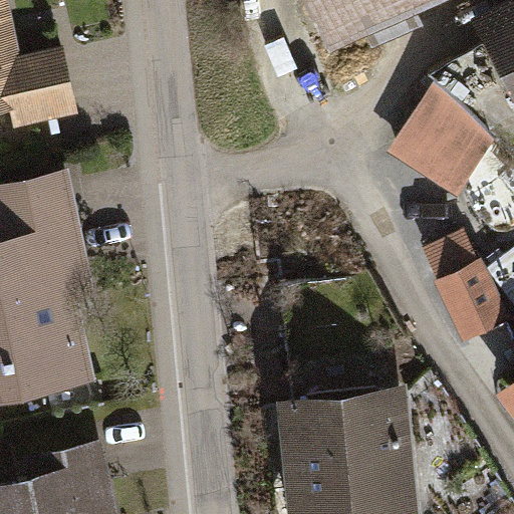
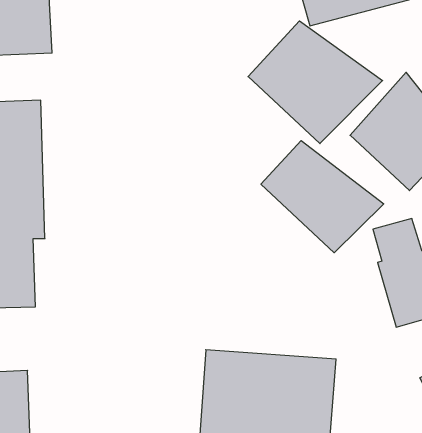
building: none -> [248,21,383,144]
building: none -> [261,141,384,253]

